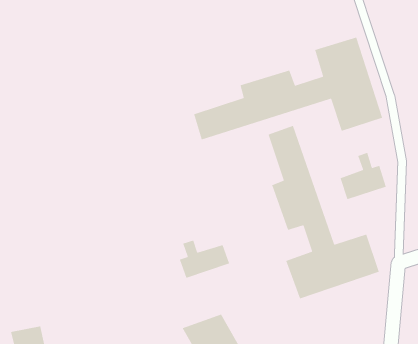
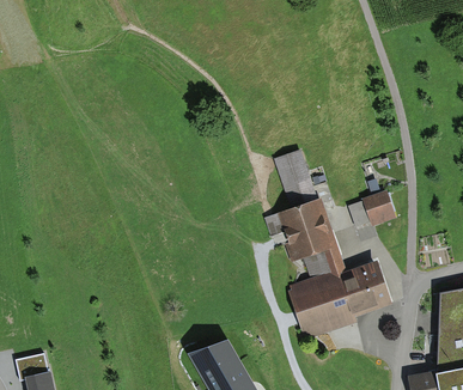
building: [193,37,383,141] -> none
building: [179,239,230,279] -> none

